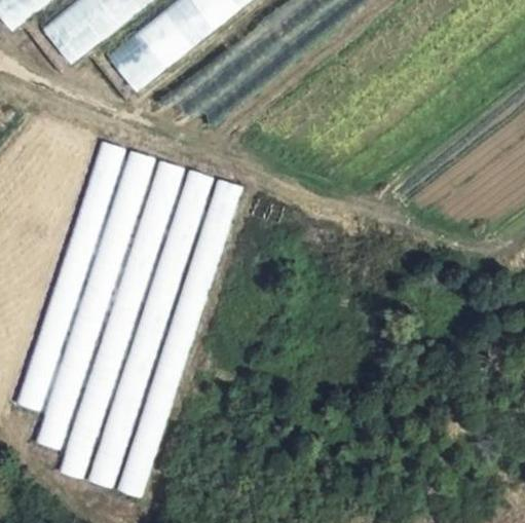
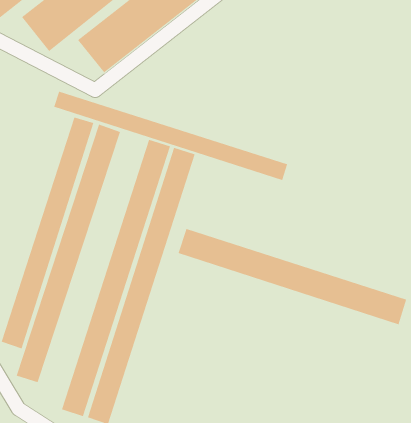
building: none -> [54,91,288,181]
building: [60,158,185,478] -> none
building: none -> [178,228,407,325]

